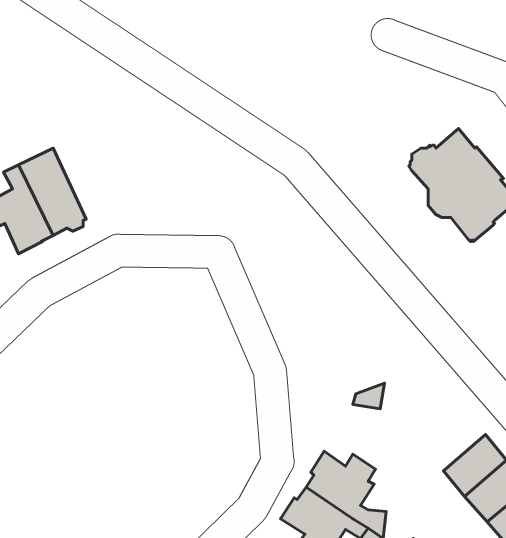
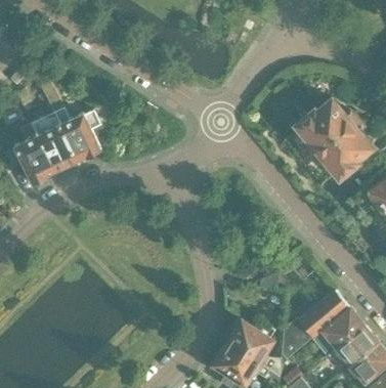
building: none -> [43,84,101,161]
building: none -> [282,291,349,360]

